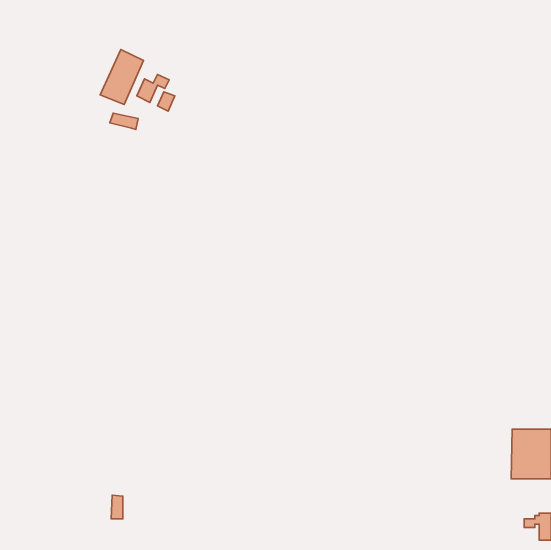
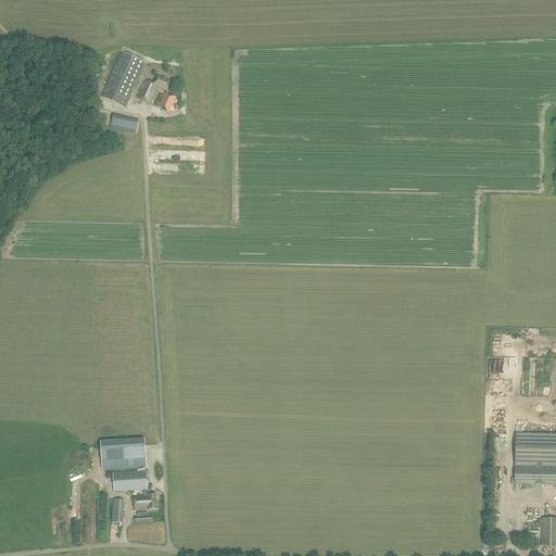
building: none -> [102,444,147,469]
building: none -> [113,471,157,509]

